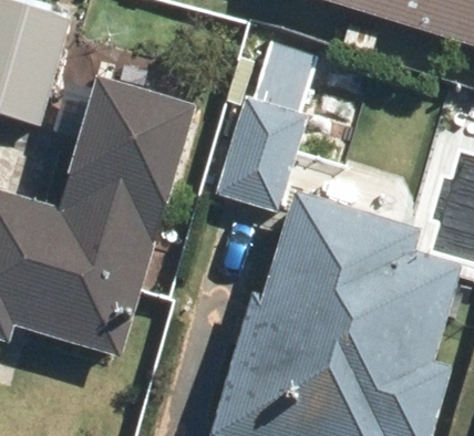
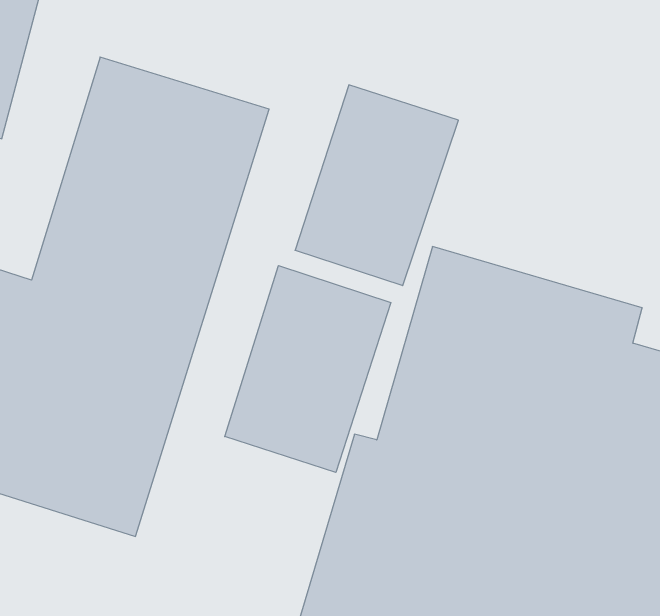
building: none -> [225,266,391,472]

